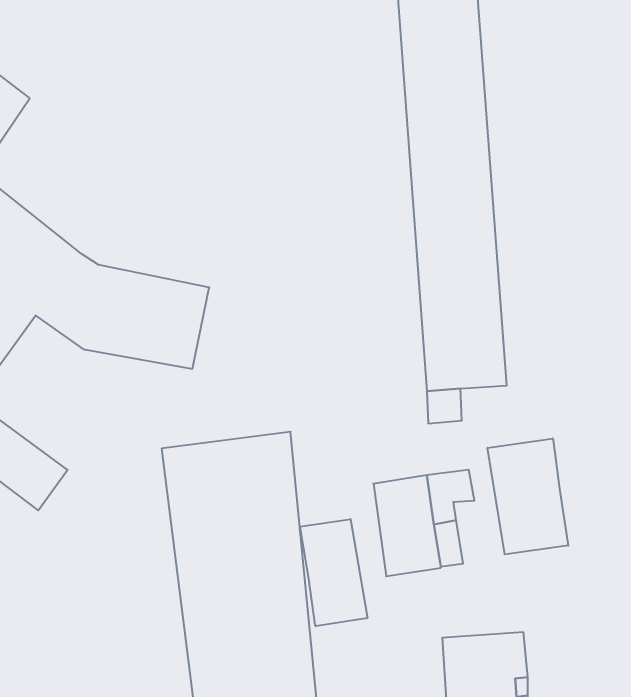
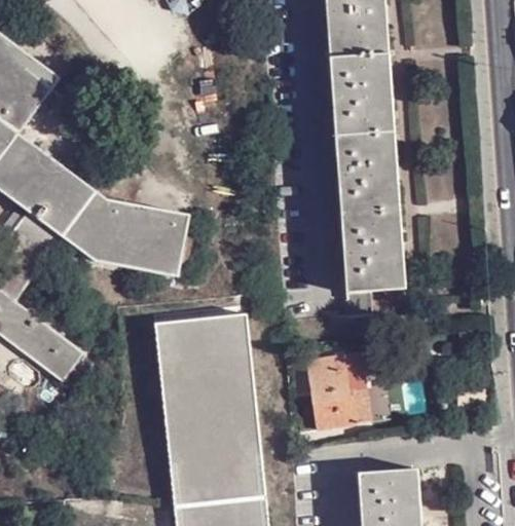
building: [488,438,568,554] -> none
building: [300,519,367,626] -> none

